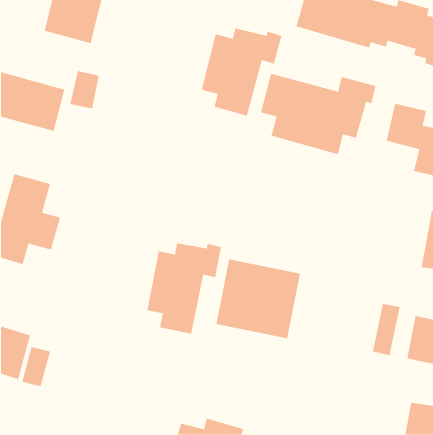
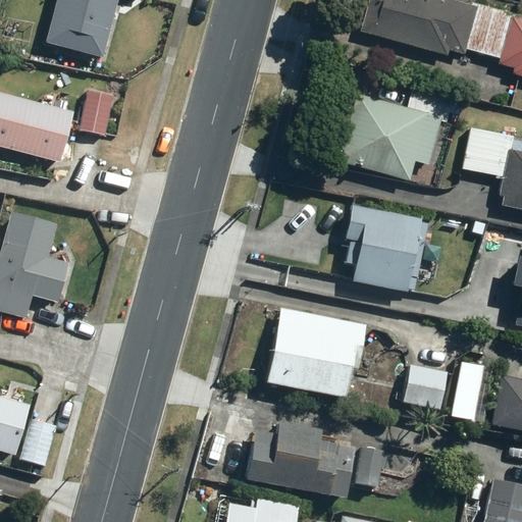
building: [201,28,282,116] -> none
building: none -> [345,207,425,298]
building: [147,242,222,335] -> none
building: none -> [399,362,448,413]
building: none -> [241,421,386,506]

